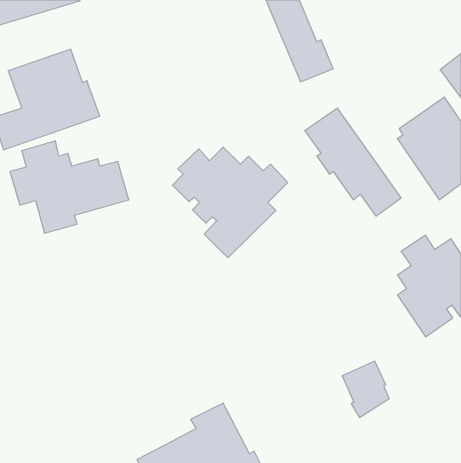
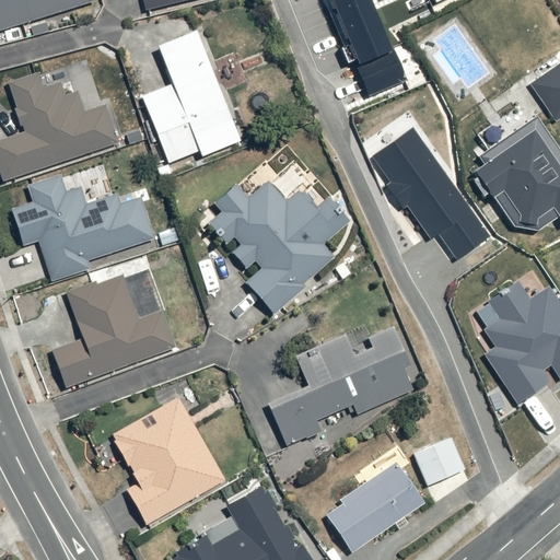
building: none -> [142,28,244,158]
building: none -> [52,271,176,387]
building: none -> [267,315,420,446]
building: none -> [114,397,231,530]
building: none -> [329,465,418,549]

